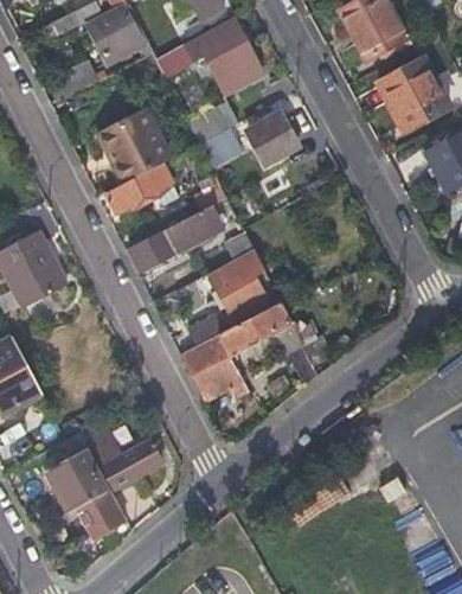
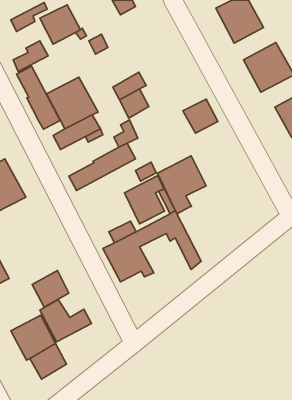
building: [185,17,262,91] -> none
building: none -> [17,66,60,129]
building: [248,114,297,162] -> [183,99,218,133]
building: none -> [158,156,206,214]
building: none -> [32,271,69,307]

